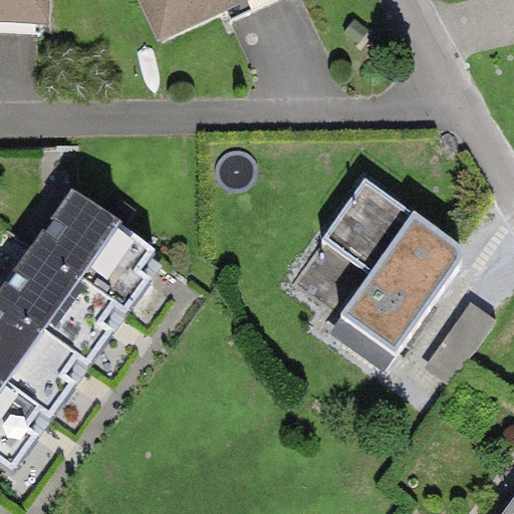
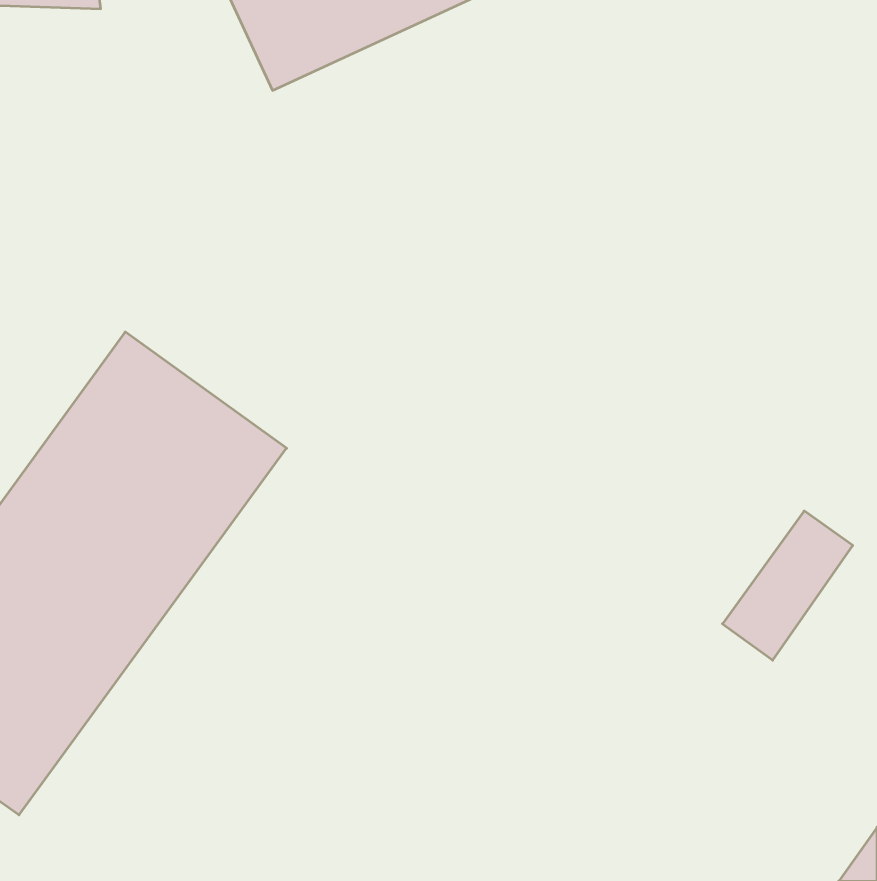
building: [284,167,465,345] -> none

